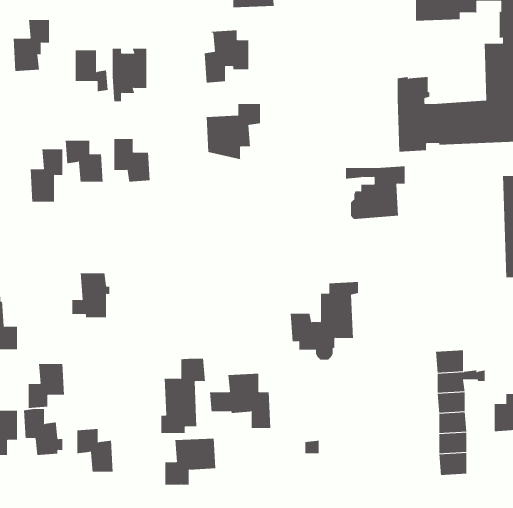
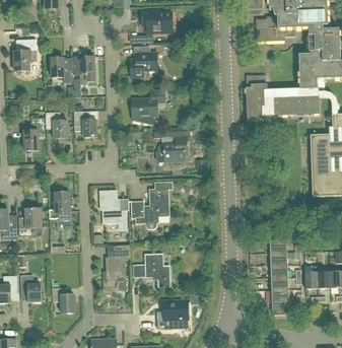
building: [345,166,406,219] -> [152,130,189,162]
building: none -> [98,191,125,230]
building: [290,281,359,360] -> [130,182,172,229]
building: [28,363,65,409] -> [18,209,41,236]
building: [164,438,216,485] -> [156,300,188,329]

